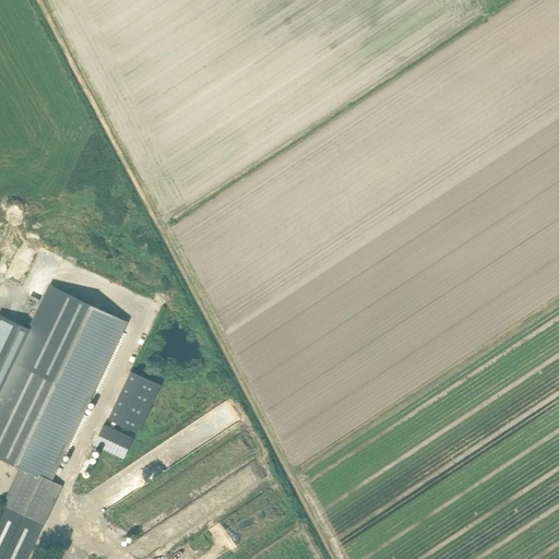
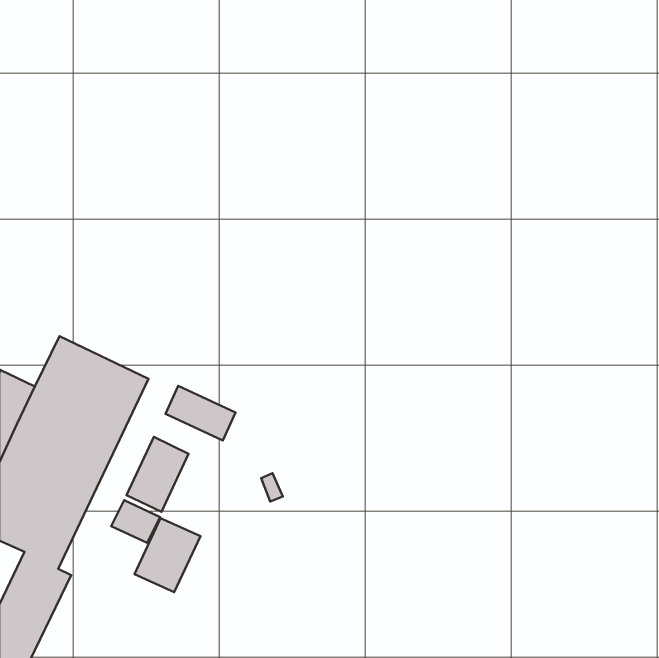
building: none -> [166,386,235,440]
building: none -> [134,518,200,592]

